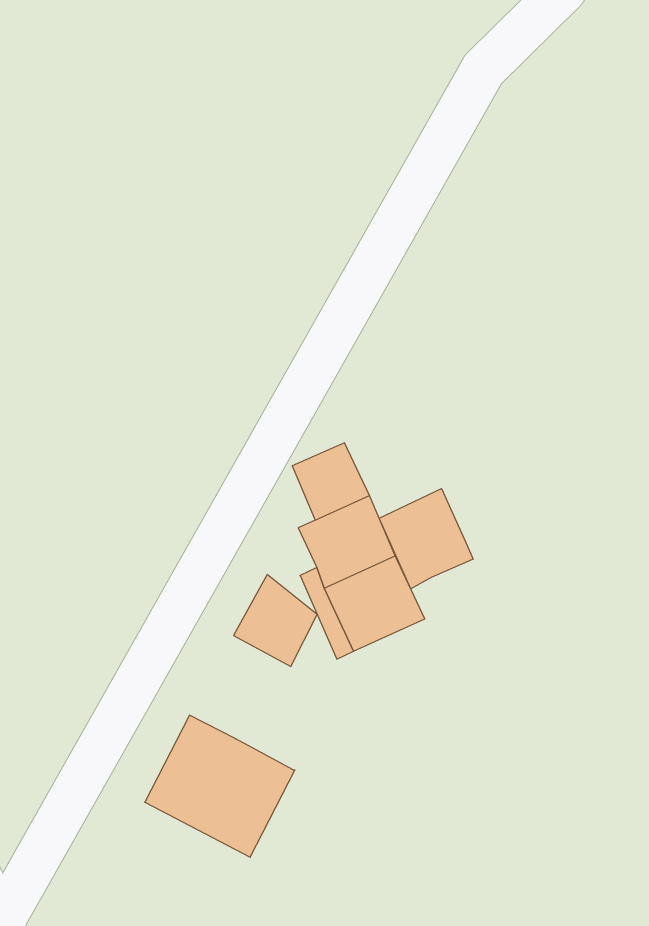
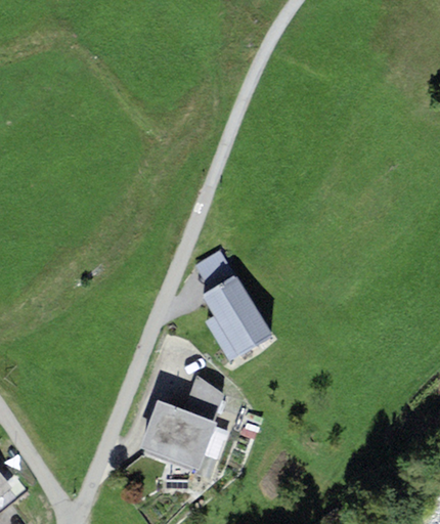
building: [379,489,473,589] -> none
building: [234,575,317,666] -> [183,377,225,423]

